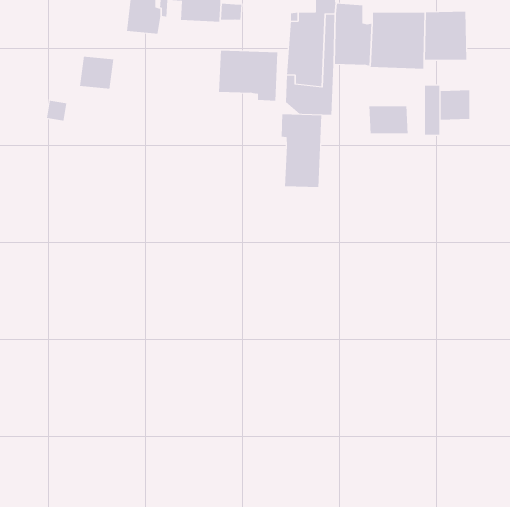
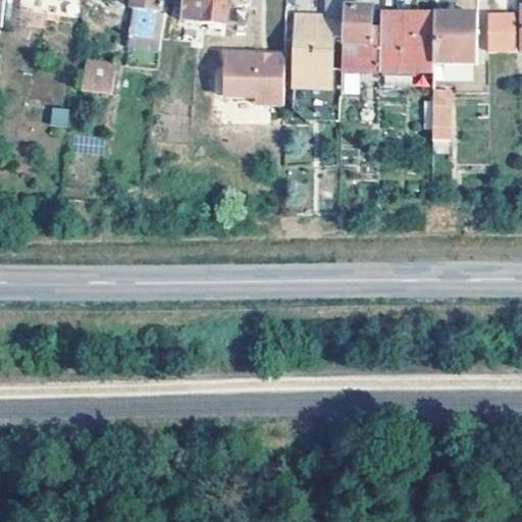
building: none -> [486,10,515,47]
building: [440,89,470,121] -> none
building: [369,106,408,134] -> none
building: [281,113,322,188] -> none

